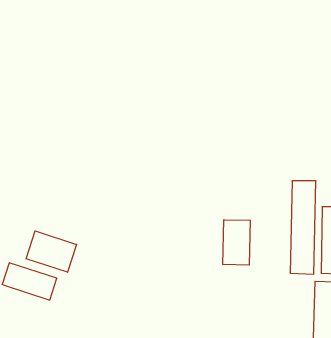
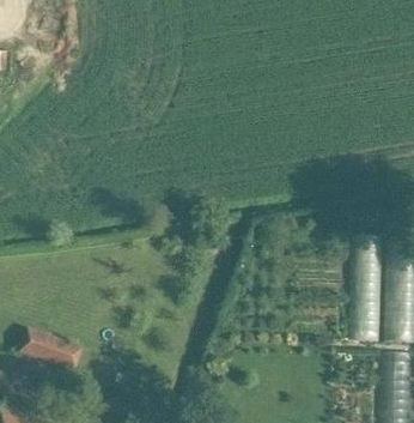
building: [223,220,250,265] -> none
building: [26,231,77,272] -> none

